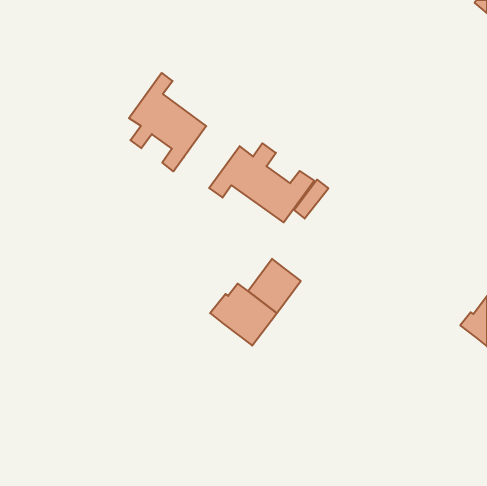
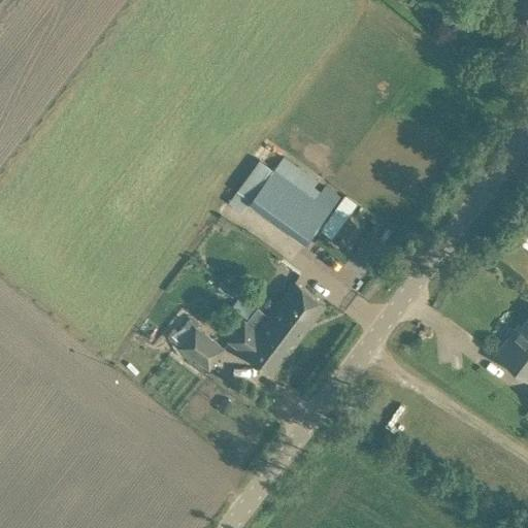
building: [129,73,206,171] -> none
building: none -> [167,320,224,370]

